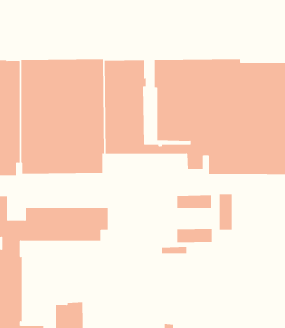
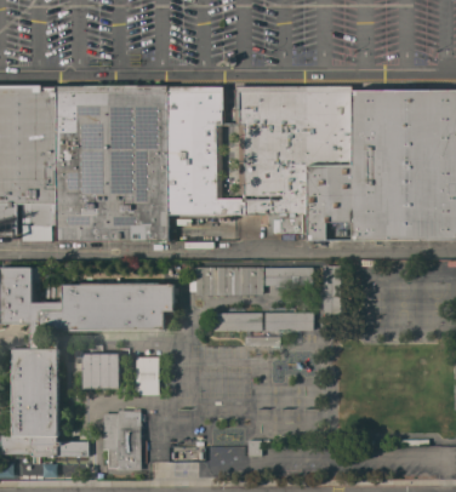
building: none -> [194,267,262,294]
building: none -> [213,313,262,331]
building: none -> [76,344,119,388]
building: none -> [136,356,158,395]

